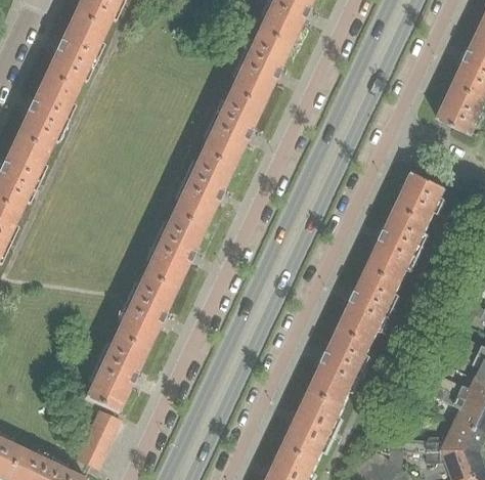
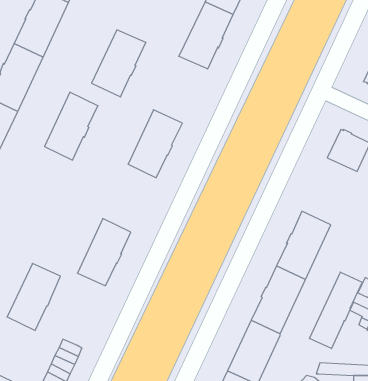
building: [201,91,262,167] -> [92,30,146,97]
building: [368,206,431,281] -> none
building: [143,213,204,290] -> [45,92,98,160]
building: none -> [310,272,362,349]
building: [86,336,146,411] -> [7,263,60,330]

